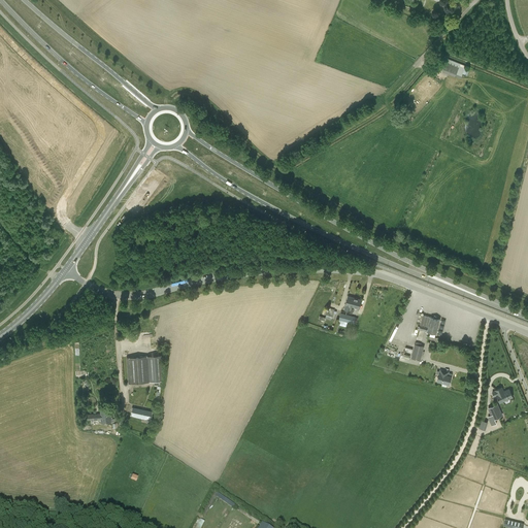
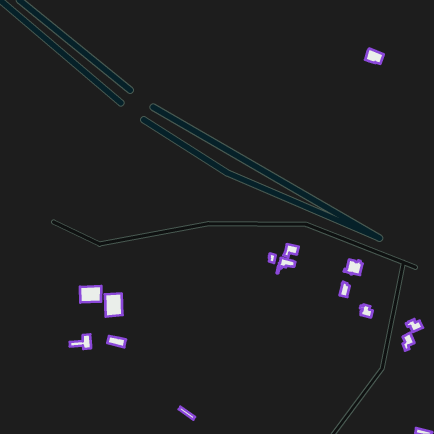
building: none -> [80,286,101,303]

